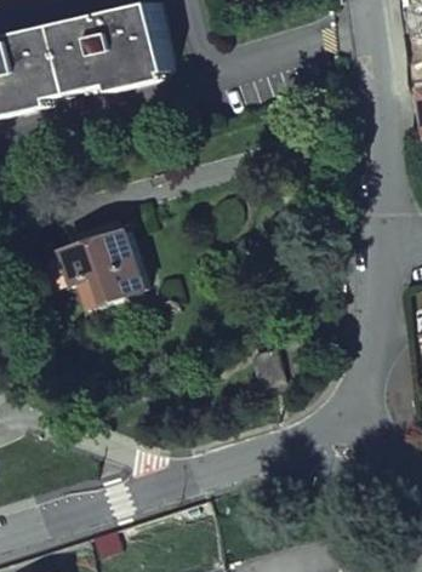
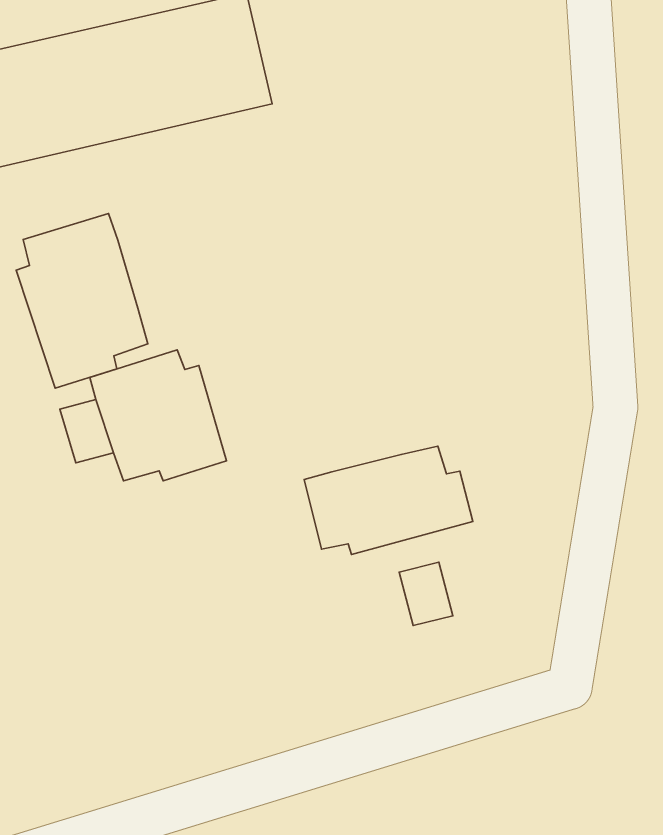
building: none -> [16,213,148,388]
building: none -> [304,446,473,555]

